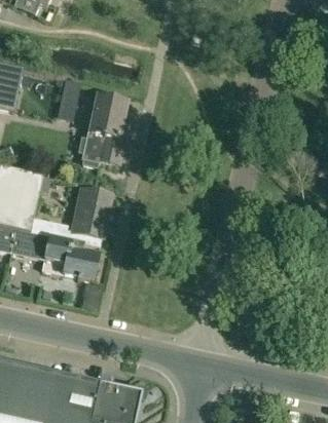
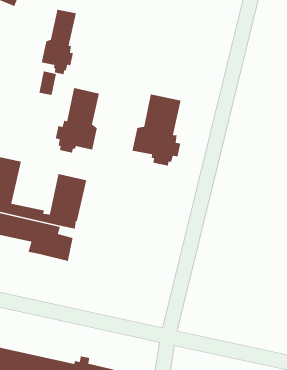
building: none -> [41,9,77,75]
building: none -> [132,94,182,167]

